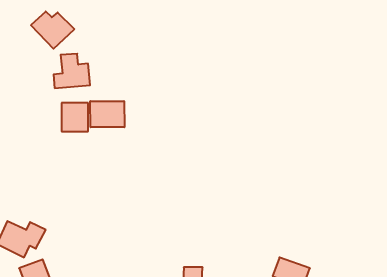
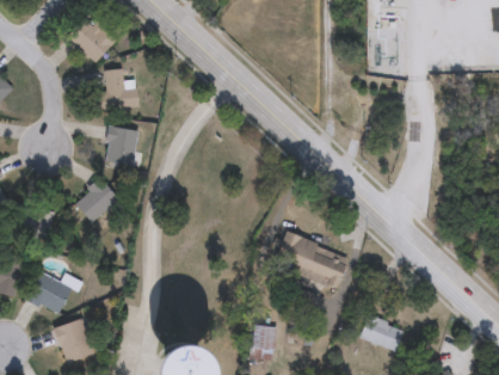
building: [90,101,124,127] -> none
building: none -> [74,179,117,223]
building: none -> [272,230,349,287]

